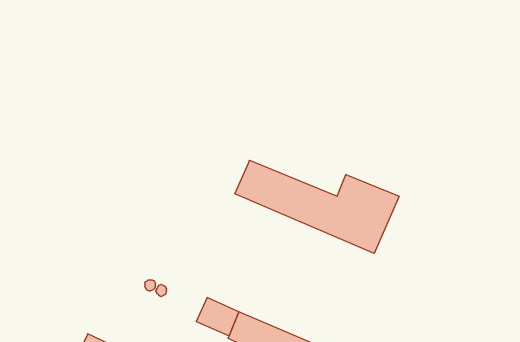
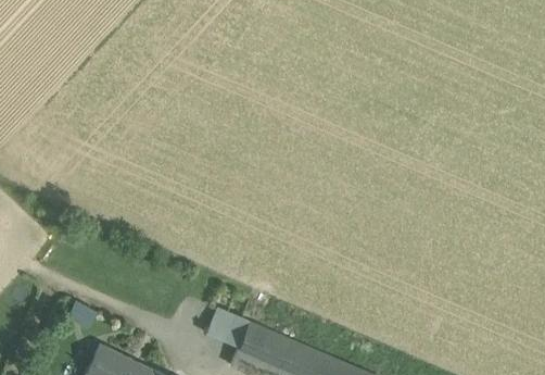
building: [235,160,399,253] -> none

